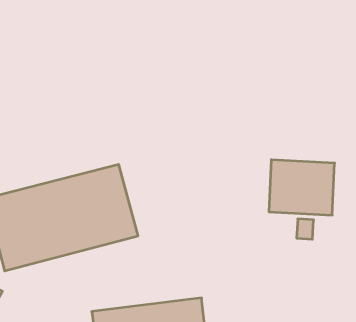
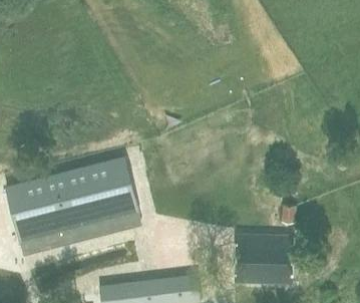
building: [269,160,335,215] -> [236,235,294,284]

